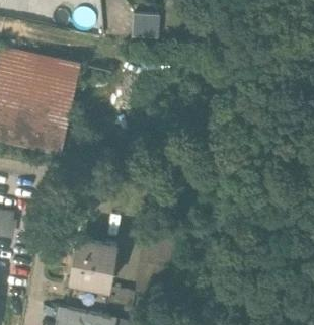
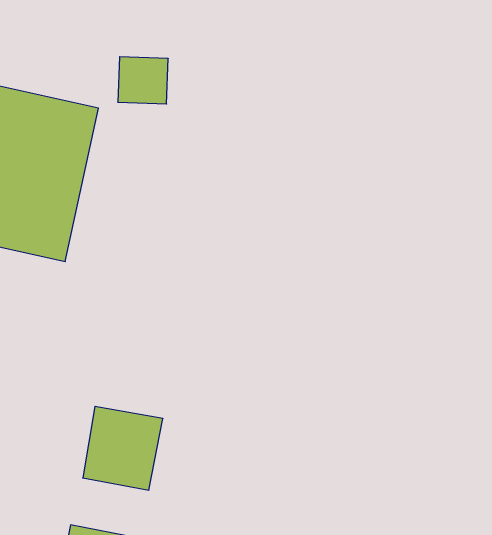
building: [131,11,160,38] -> [118,57,168,104]

